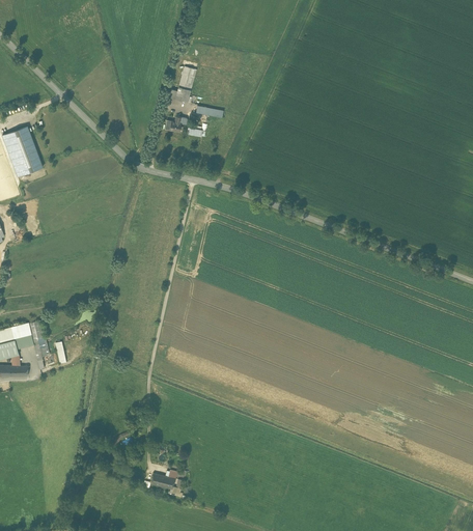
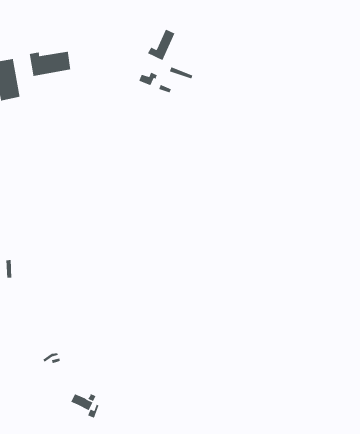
building: none -> [29,51,71,77]

